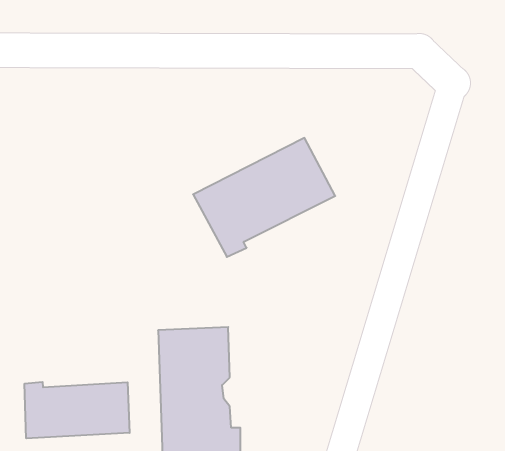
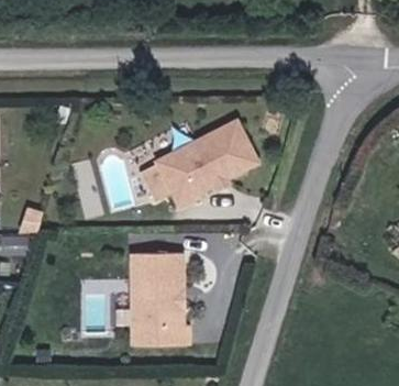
building: [25,382,130,438] -> none

